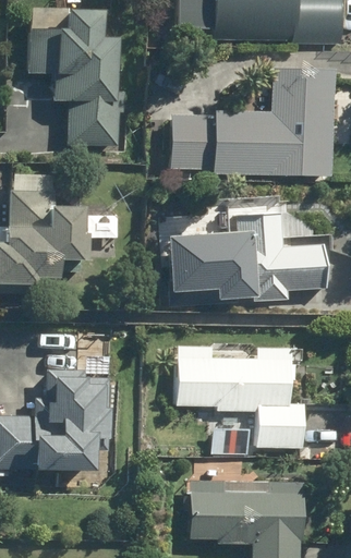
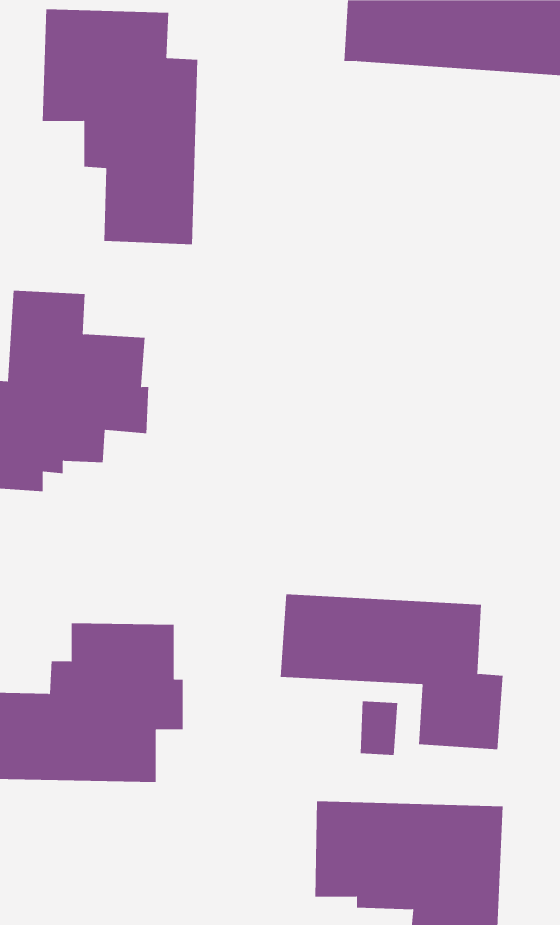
building: [166,68,336,175] -> none
building: [186,214,329,301] -> none

